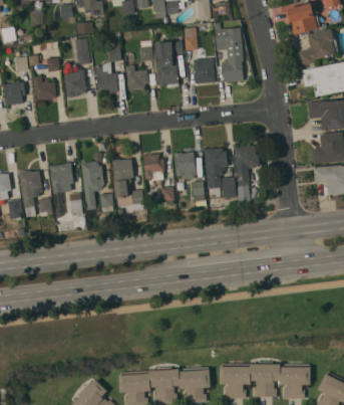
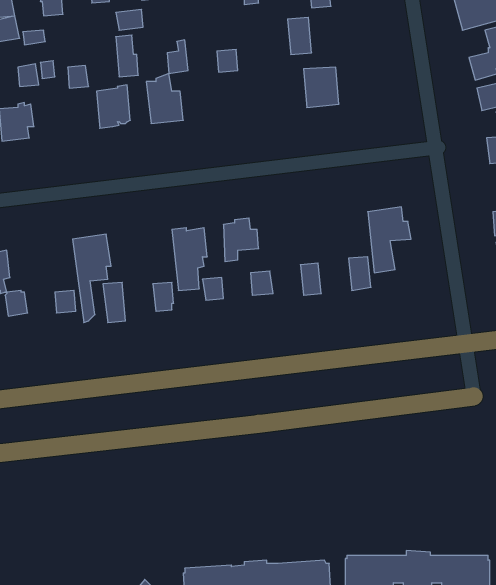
building: [215,28,245,82] -> none
building: [155,41,184,86] -> none
building: [126,66,148,90] -> none
building: [33,76,55,99] -> none
building: [204,148,228,189] -> none
building: [175,153,196,179] -> none
building: [80,161,103,219] -> none
building: [19,170,41,217] -> none

